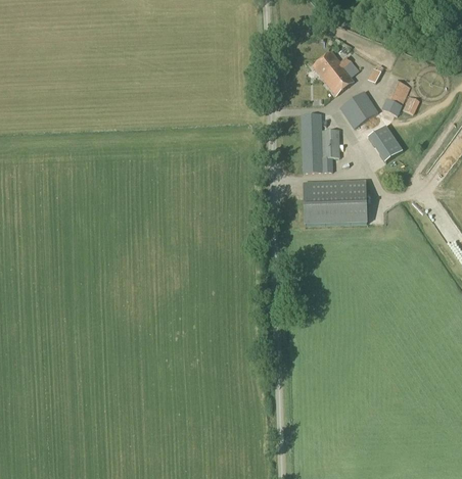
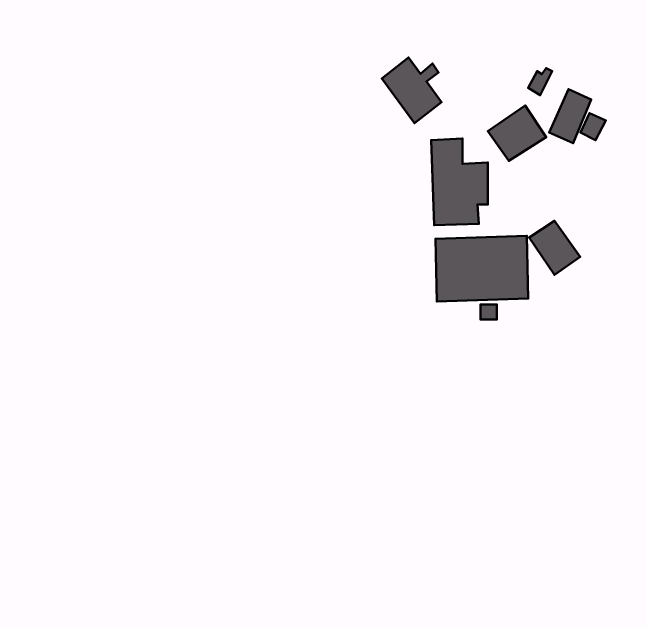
building: [313,50,354,95] -> [382,57,442,123]
building: [367,126,402,162] -> [529,221,580,275]

